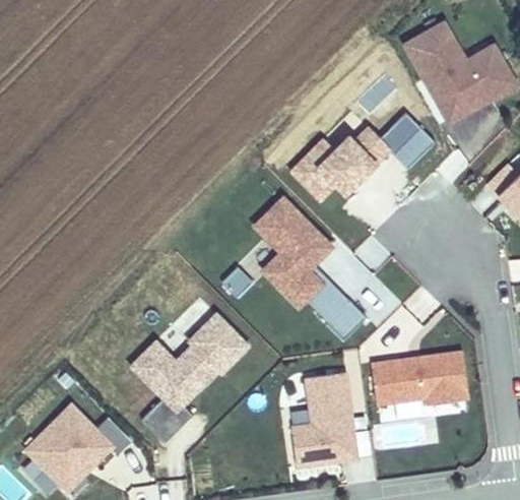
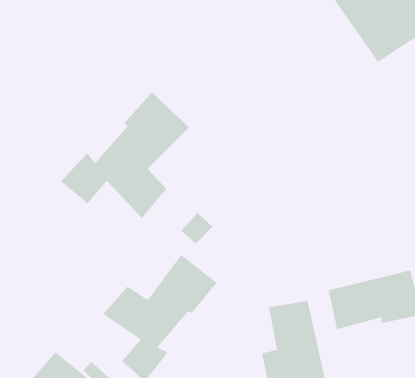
building: [287,112,436,201] -> none
building: none -> [60,91,190,219]
building: [249,195,366,340] -> none

